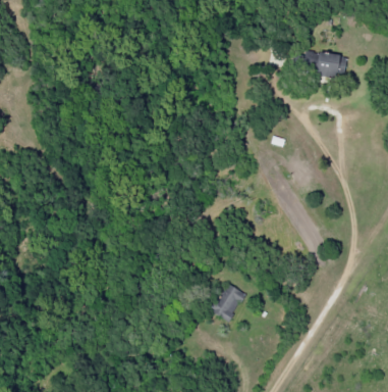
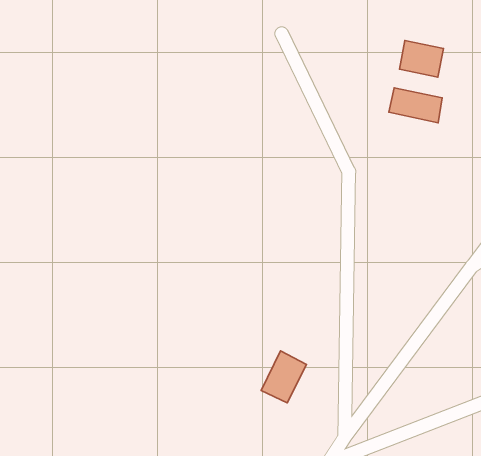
building: none -> [389,88,442,123]

